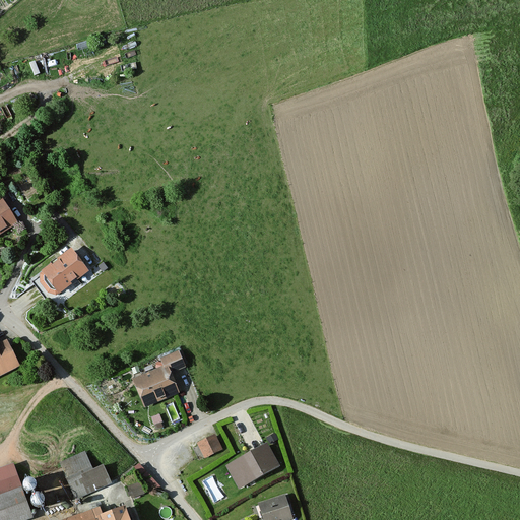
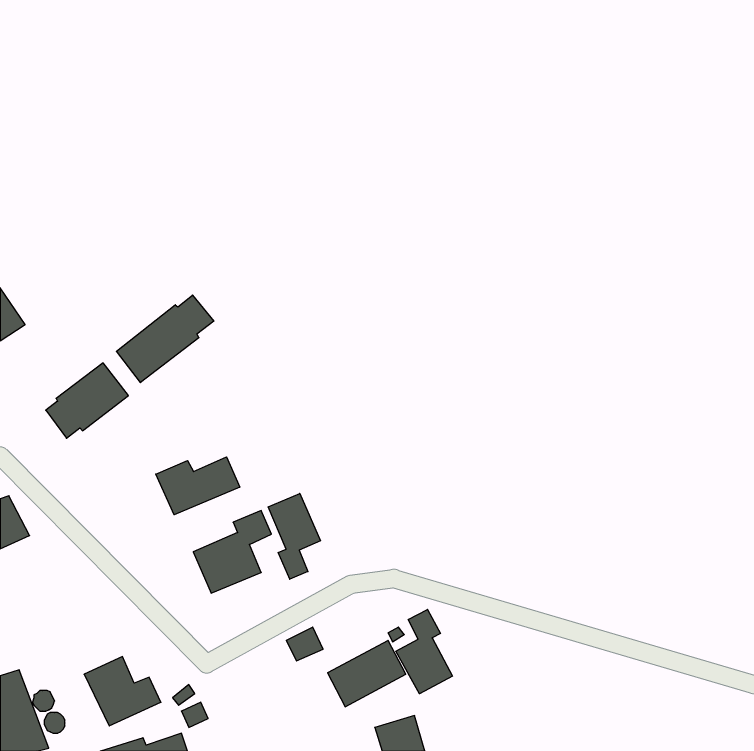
building: none -> [116,295,214,383]
building: none -> [156,457,240,515]
building: none -> [268,493,321,579]
building: none -> [396,609,452,694]

